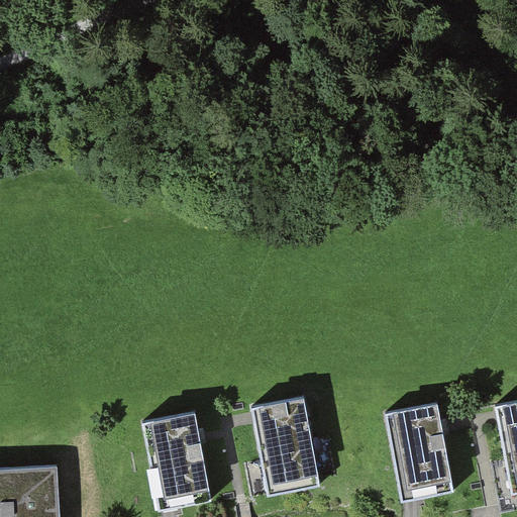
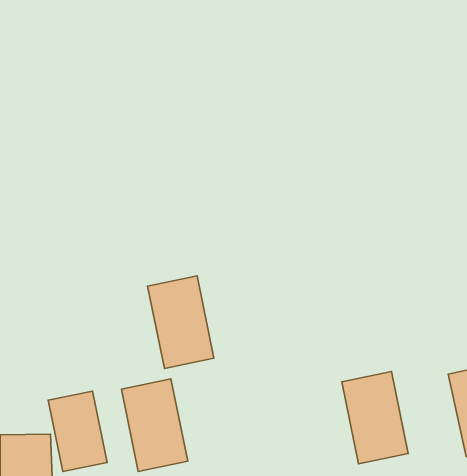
building: [248,392,320,492] -> [148,276,214,368]
building: none -> [48,391,107,472]

